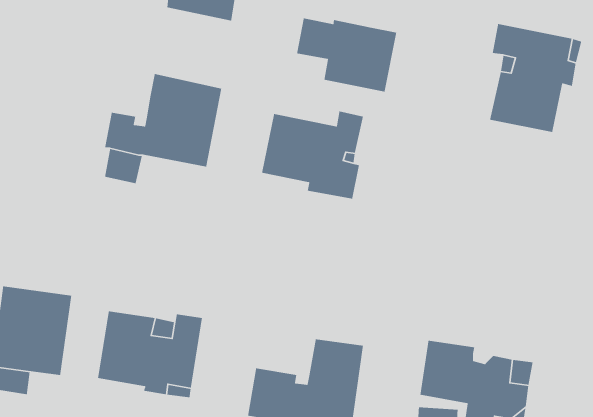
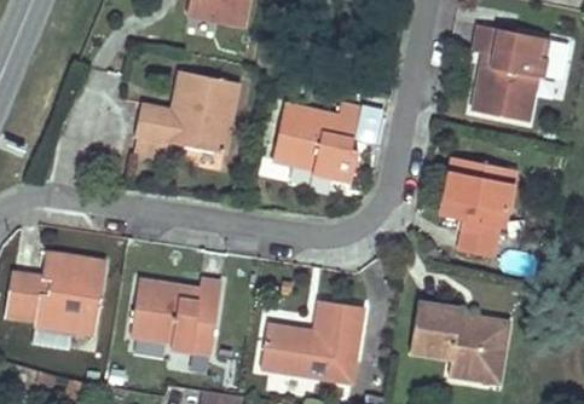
building: [296,17,397,92] -> none
building: none -> [438,158,517,258]

